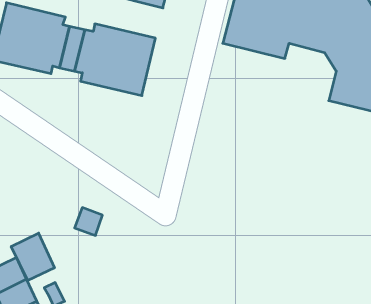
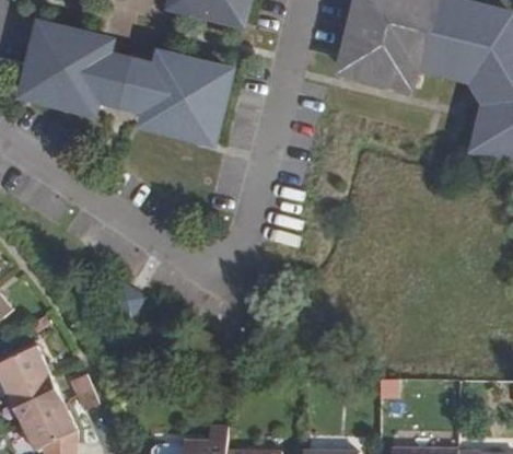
building: [11,233,54,280] -> none

